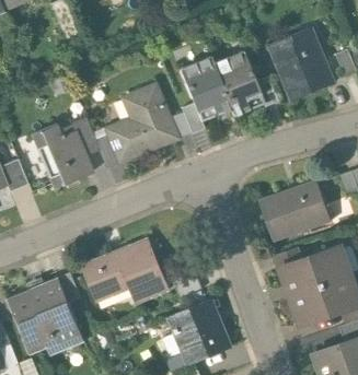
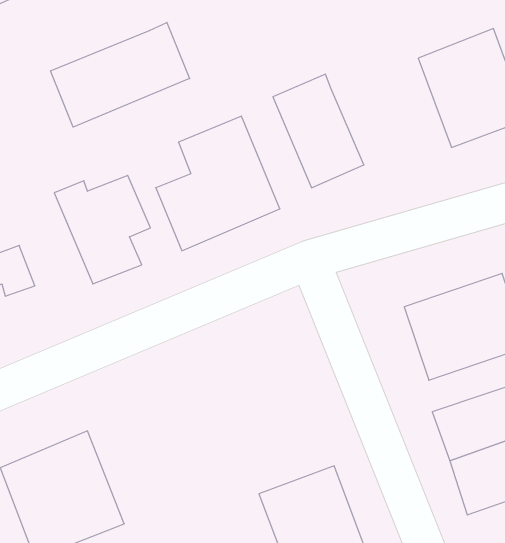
building: none -> [50,22,190,127]
building: [211,48,265,110] -> none
building: [78,236,171,306] -> none

